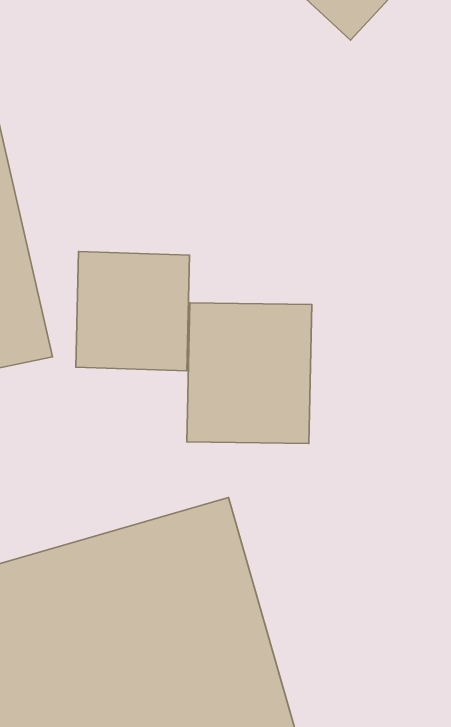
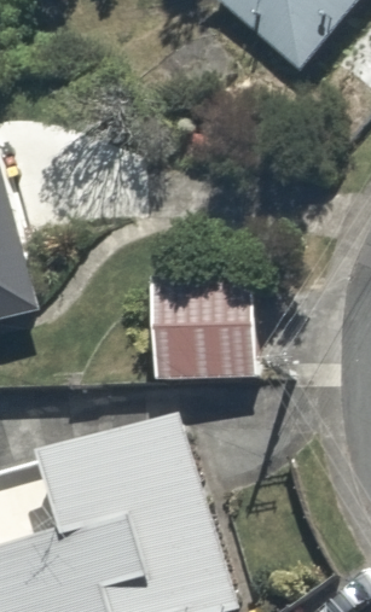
building: [76,252,189,371] -> none

